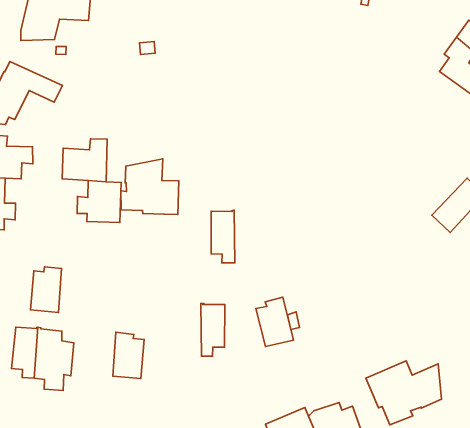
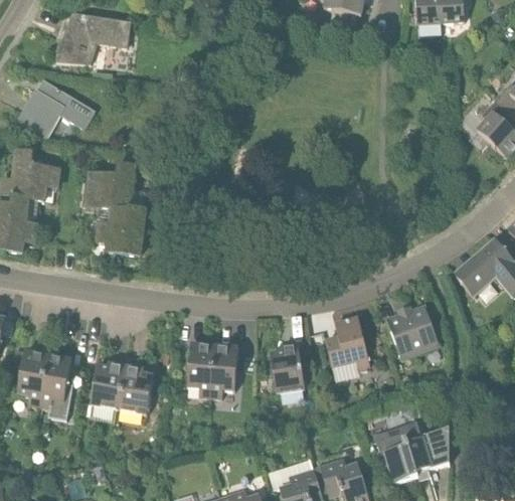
building: [121,159,179,215] -> none
building: [211,210,235,263] -> [187,342,214,396]
building: none -> [386,306,439,358]
building: none -> [325,317,370,367]
building: [30,267,62,312] -> [91,361,126,408]

